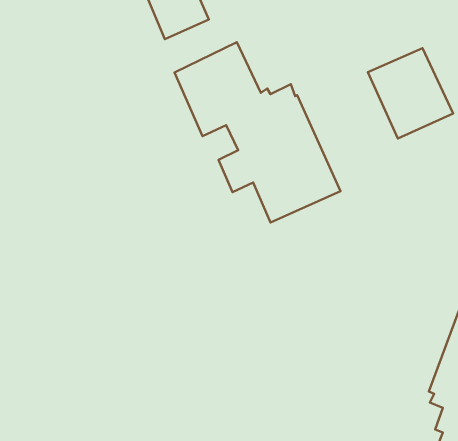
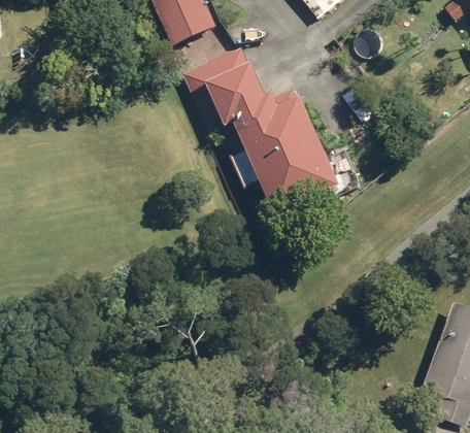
building: [368,48,453,138] -> none

